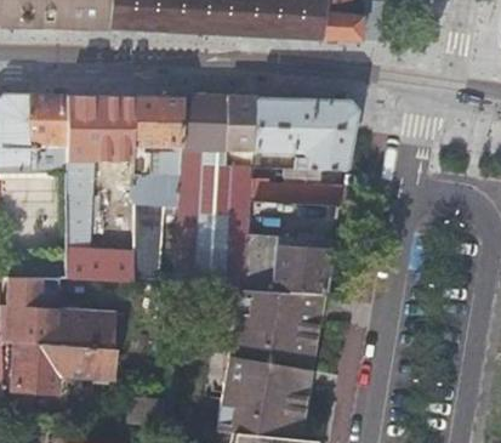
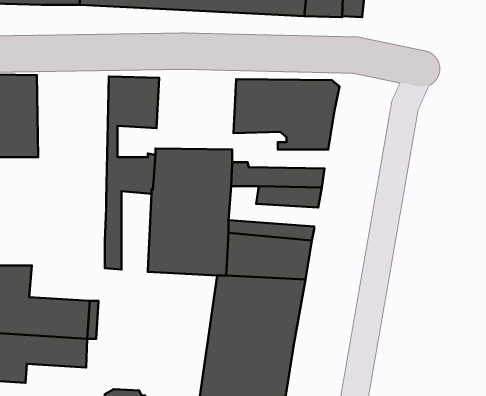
building: [67,96,136,282] -> none
building: [181,98,258,167] -> none

